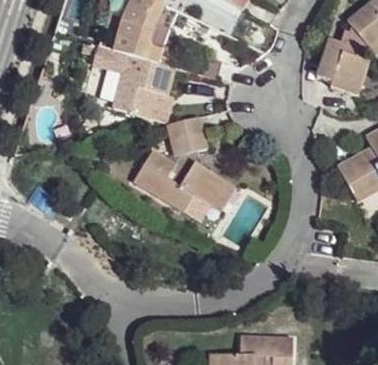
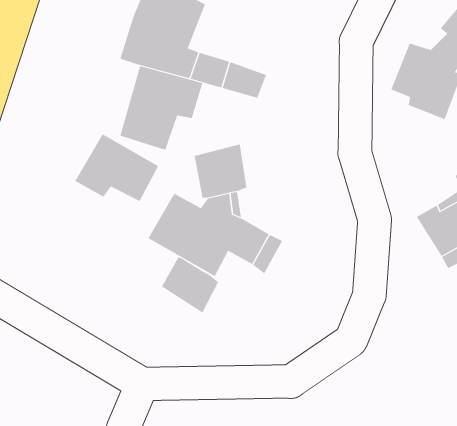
building: none -> [75,134,159,202]
building: none -> [161,257,219,313]

